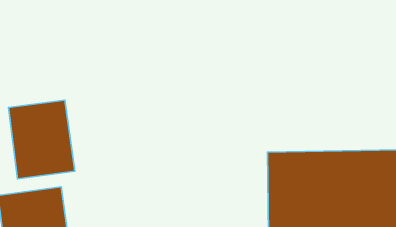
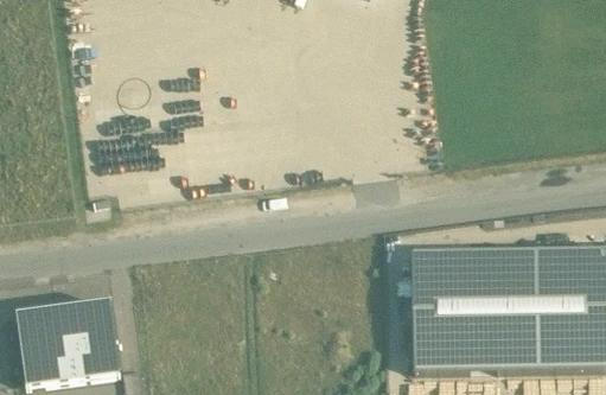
building: [9,100,75,179] -> none

